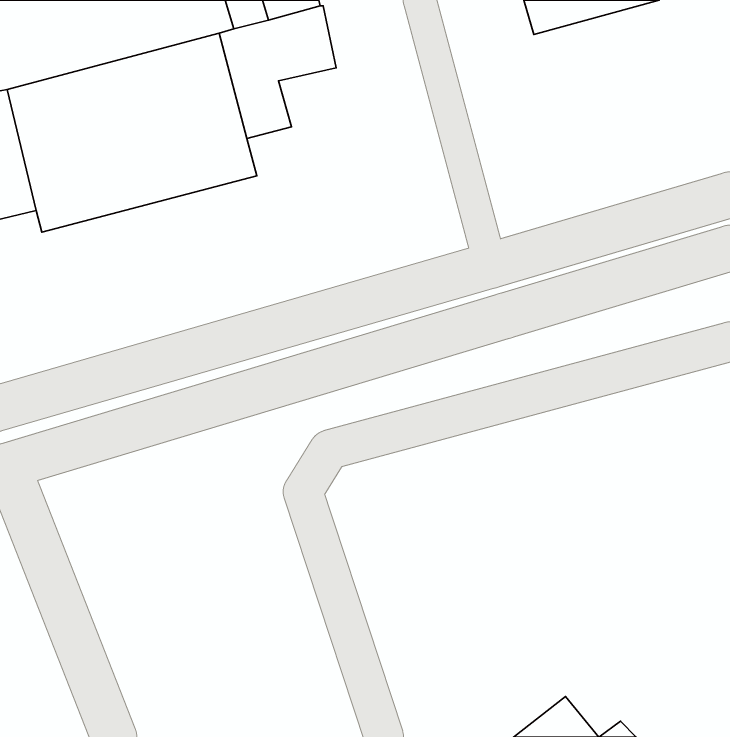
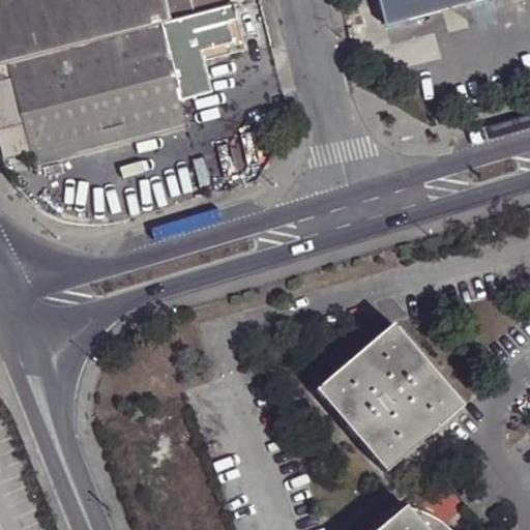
building: none -> [317,320,466,470]

